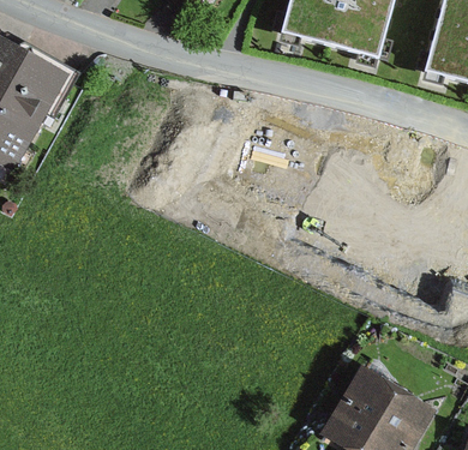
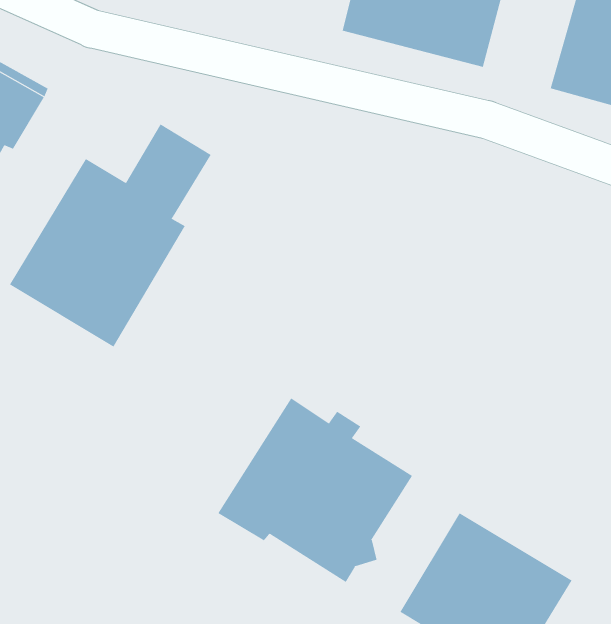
building: none -> [9,123,212,347]
building: none -> [218,397,413,583]

